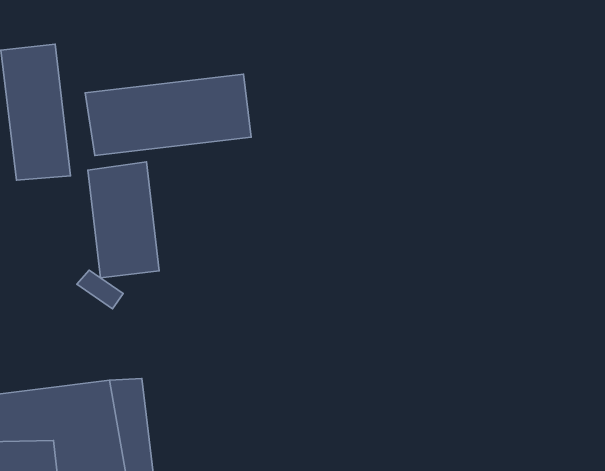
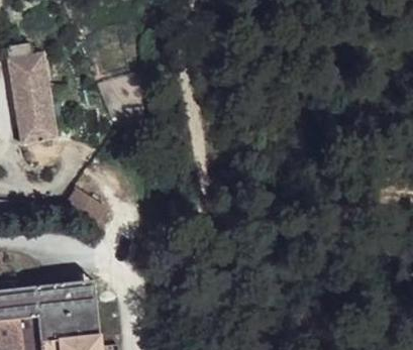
building: [85,74,251,155] -> none
building: [88,162,159,278] -> none

